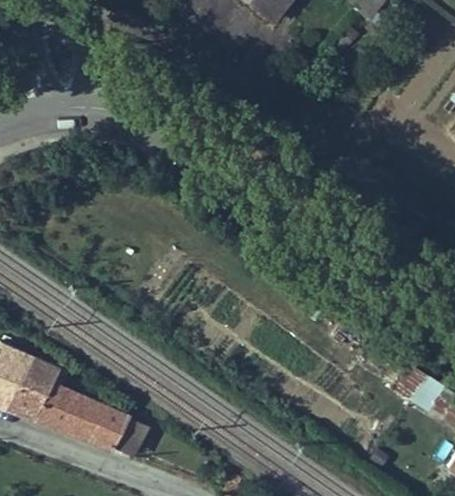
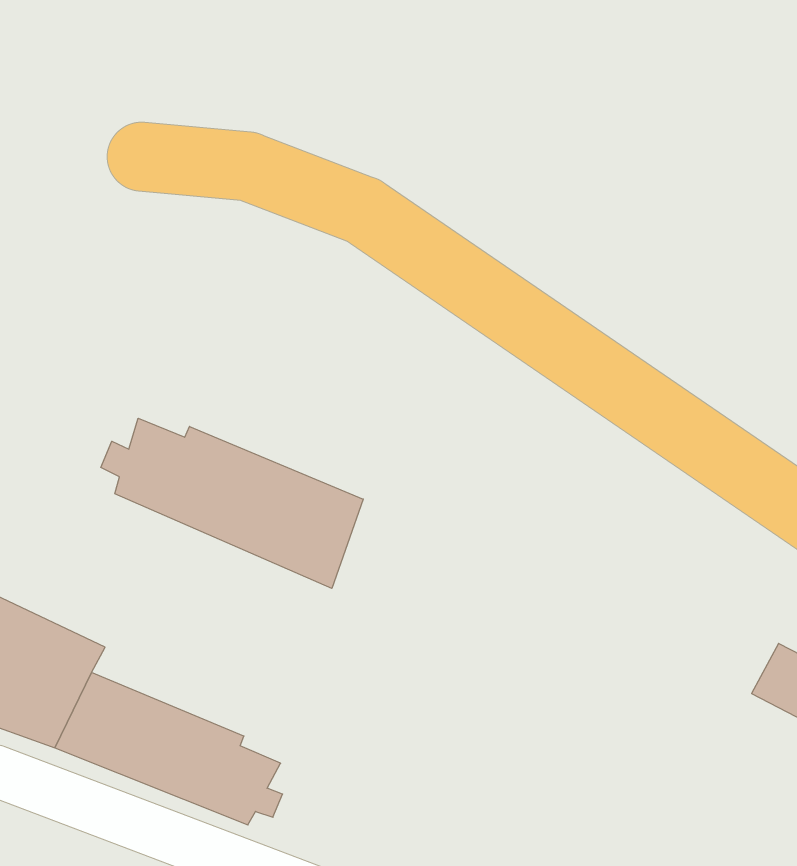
building: none -> [101,418,363,588]

